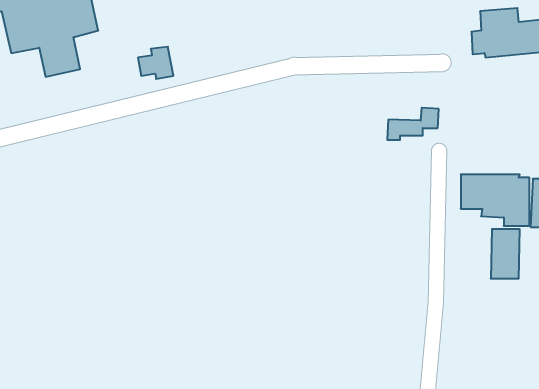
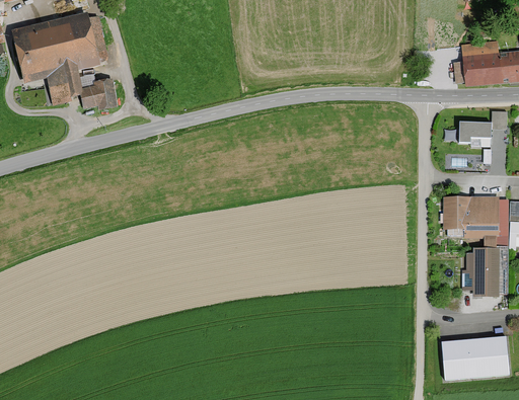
building: [138,47,173,79] -> [84,78,118,108]
building: [387,108,439,140] -> [459,110,508,141]
building: none -> [442,335,511,381]

